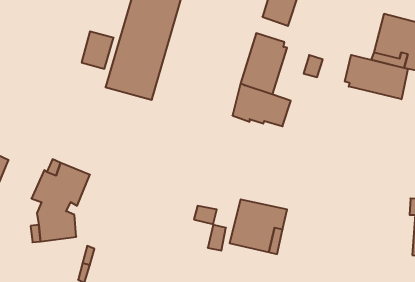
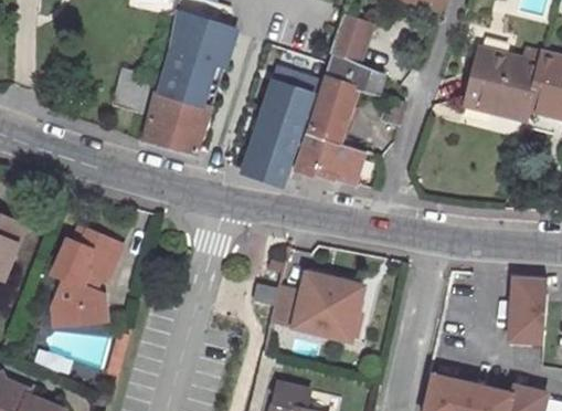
building: none -> [324,53,386,96]
building: none -> [240,65,320,187]
building: [345,55,408,99] -> none

